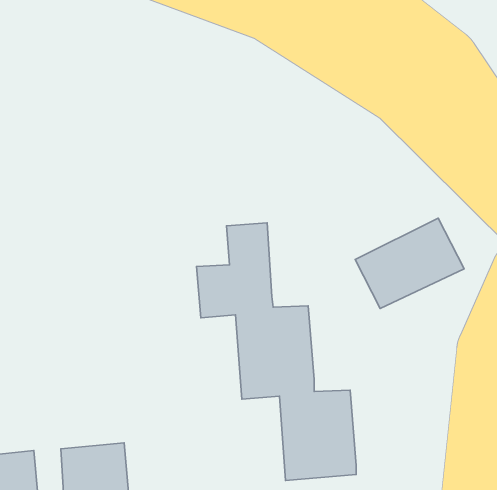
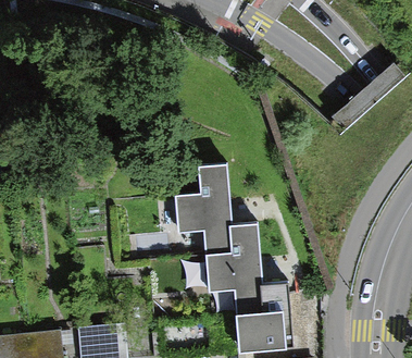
building: [355,218,464,308] -> none

